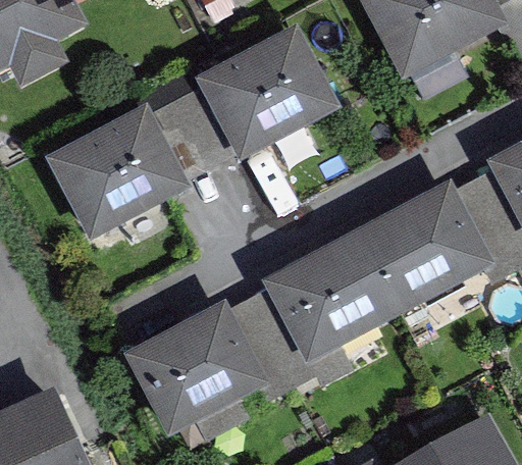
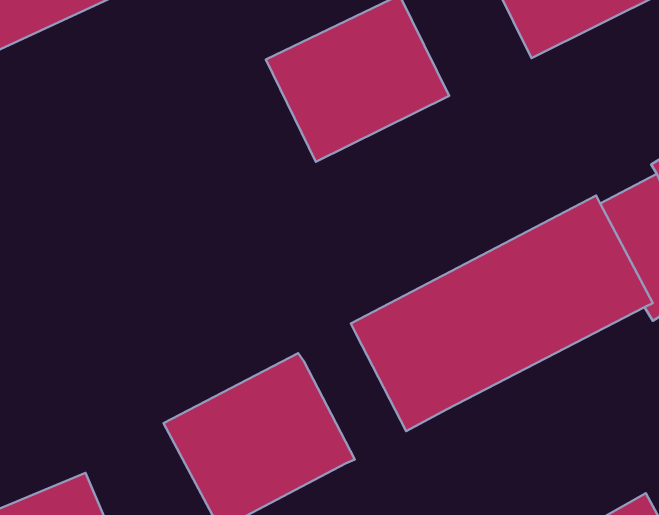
building: [50,108,191,238] -> none
building: [230,289,351,397] -> none

